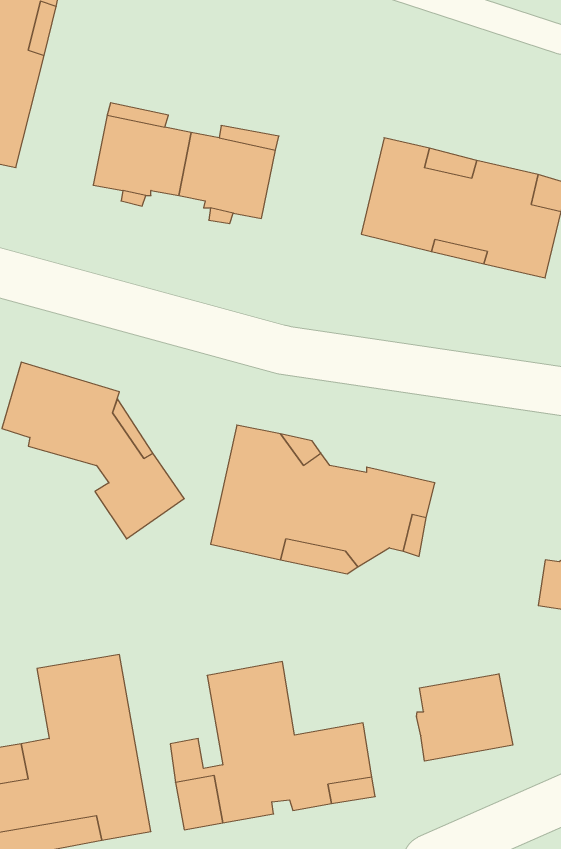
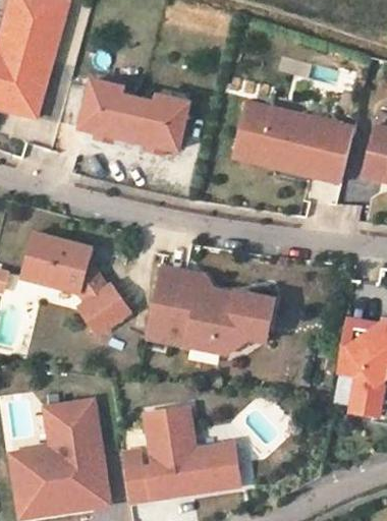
building: [417,674,513,761] -> none

